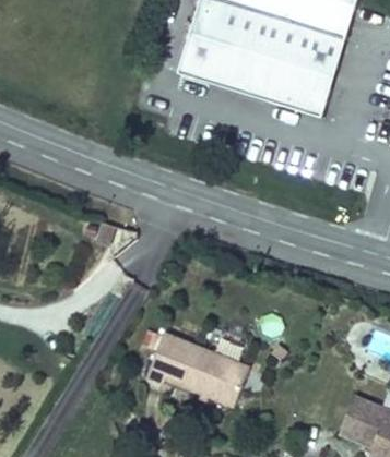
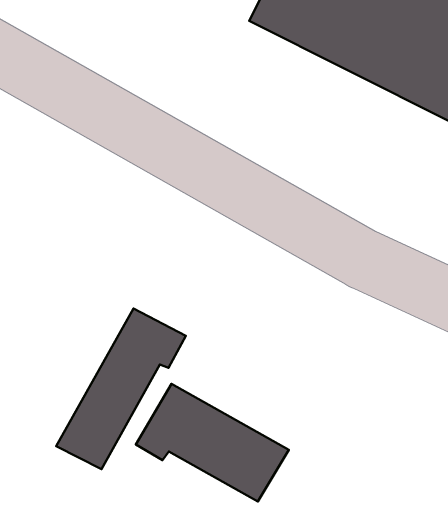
building: none -> [56,308,186,469]

